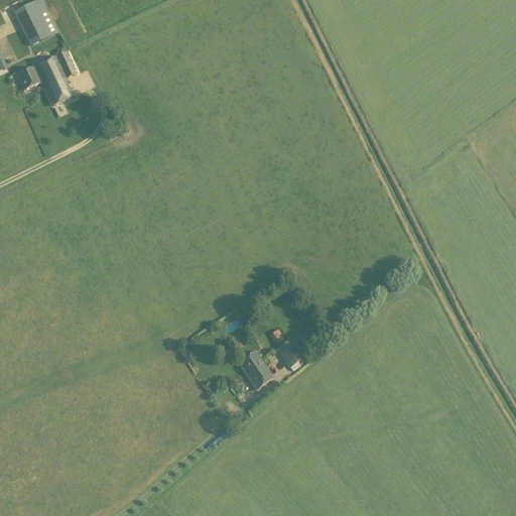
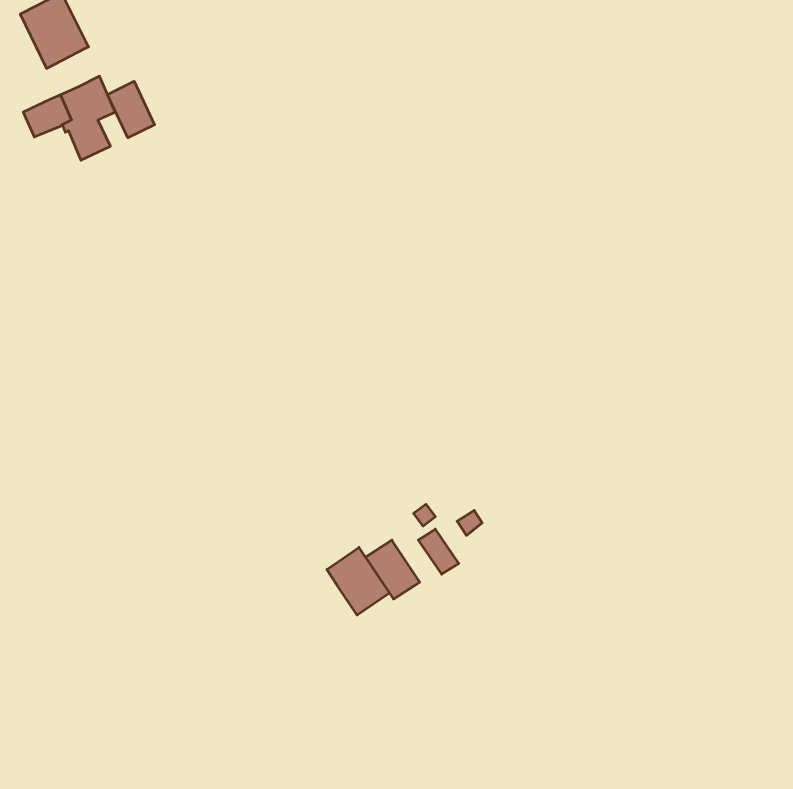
building: none -> [107,81,155,138]
building: none -> [327,547,389,615]

